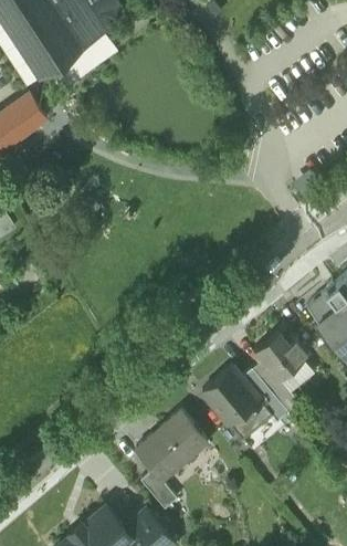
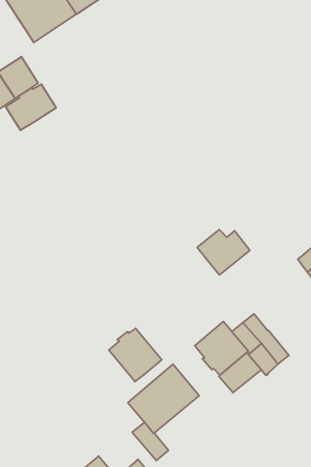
building: none -> [6,84,56,130]
building: [255,333,308,378] -> [197,230,250,274]
building: none -> [109,328,162,382]

